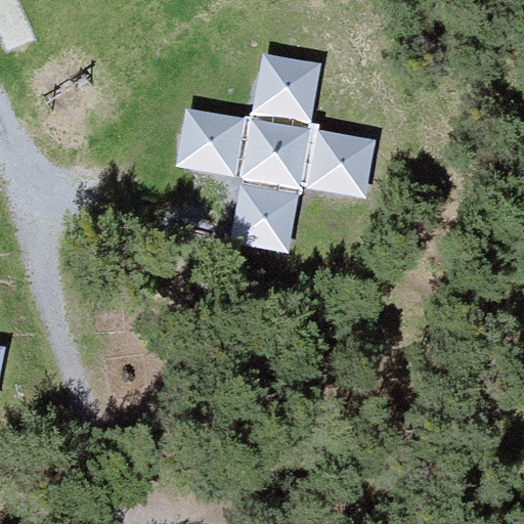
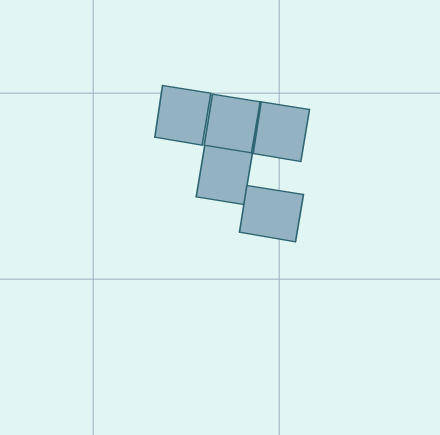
building: [251,58,318,129] -> none
building: none -> [239,185,303,242]

